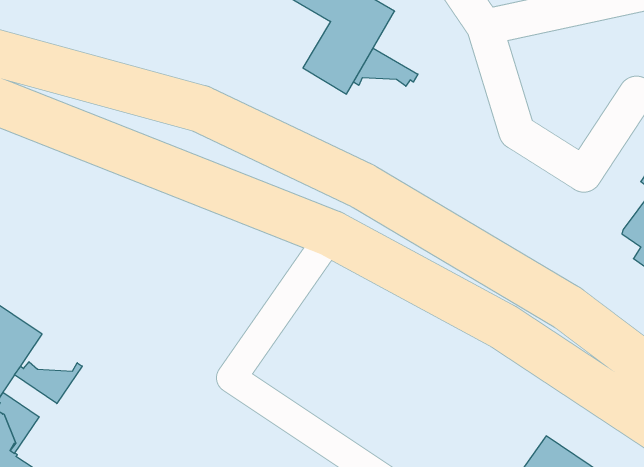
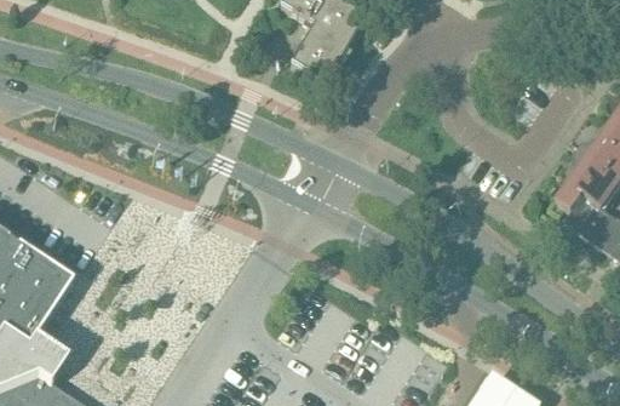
building: [353,48,418,86] -> none
building: [15,362,82,404] -> none

